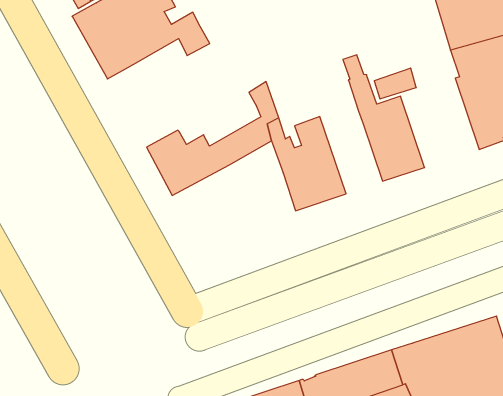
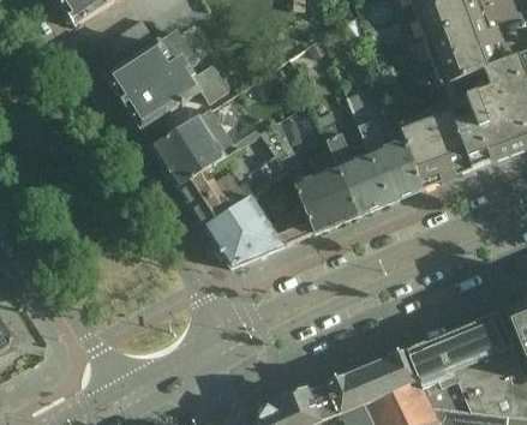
building: none -> [155,108,267,186]
building: none -> [319,110,390,215]
building: none -> [406,107,473,182]
building: none -> [206,197,316,267]

